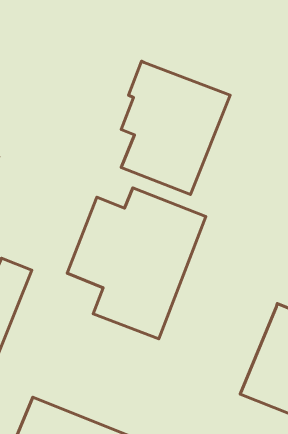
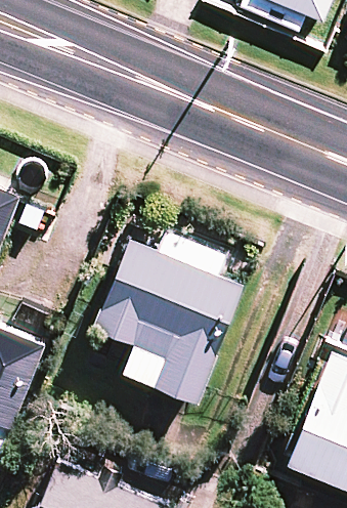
building: [121,61,230,195] -> none

